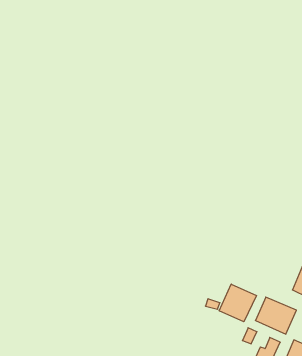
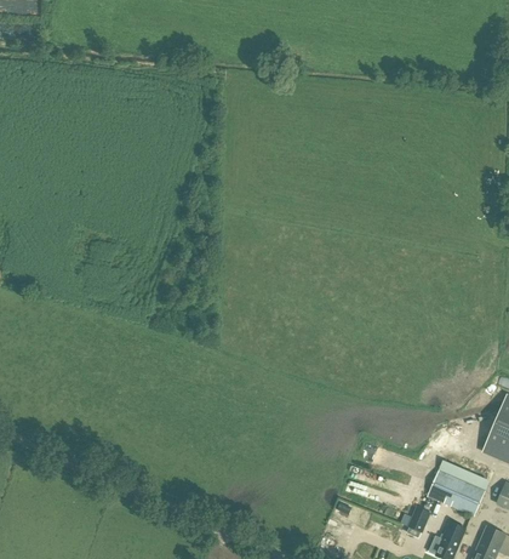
building: [219,284,256,322] -> none

